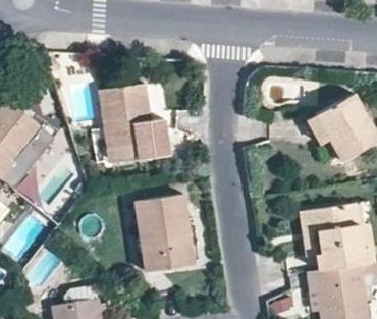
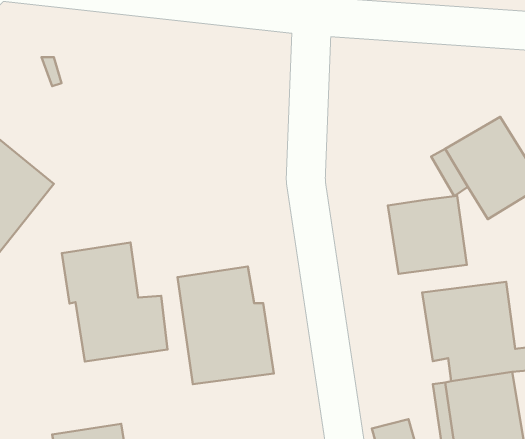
building: [100,83,170,162] -> [62,242,167,362]
building: none -> [388,196,467,274]

